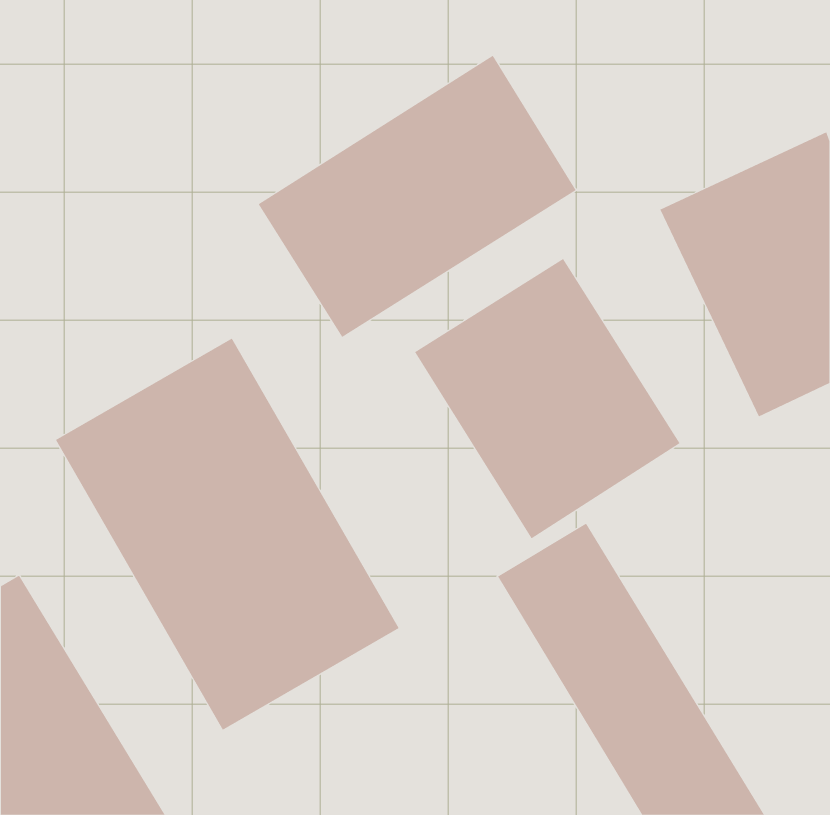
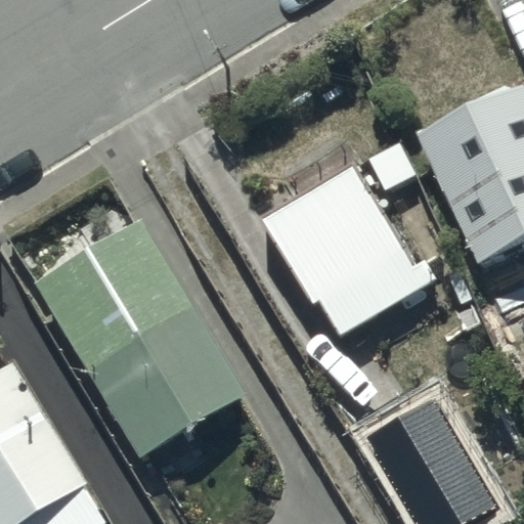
building: [258,55,576,338] -> none

